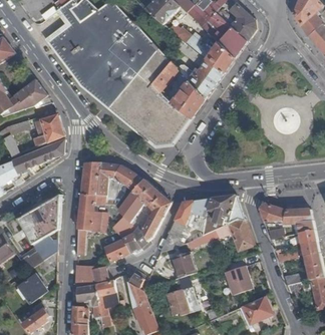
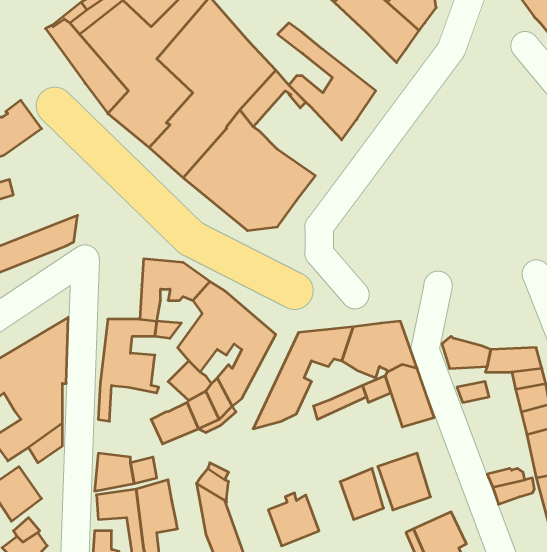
building: [185,34,235,73] -> none
building: [172,81,206,118] -> none
building: [33,115,62,146] -> none
building: [81,162,100,195] -> none
building: [172,252,195,279] -> [340,468,384,519]

